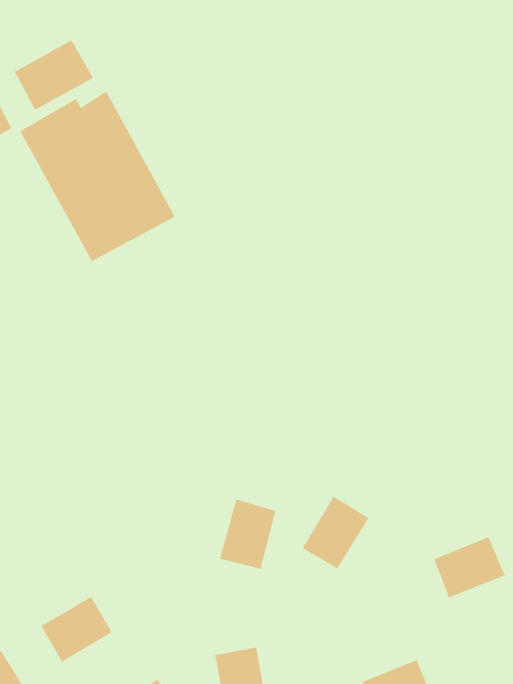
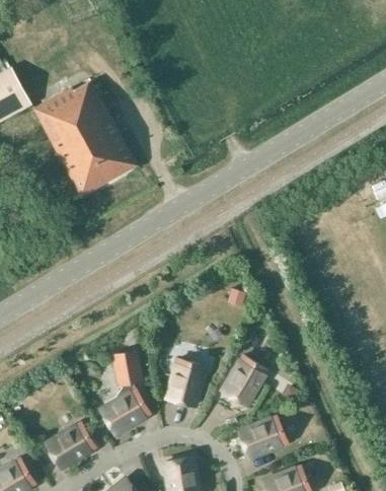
building: [14,39,94,110] -> none
building: none -> [101,351,150,433]
building: [433,537,505,598] -> [239,415,288,457]

